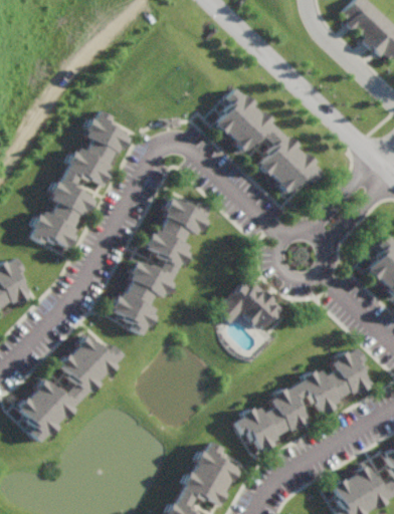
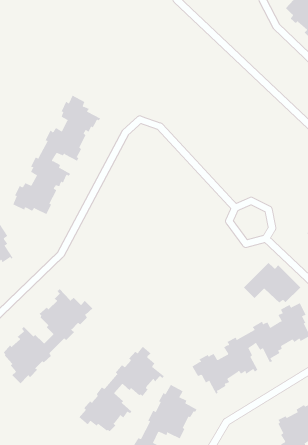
building: [212,89,320,194] -> none
building: [109,199,209,335] -> none
building: [214,281,280,328] -> [243,262,301,303]
building: none -> [78,346,165,432]

